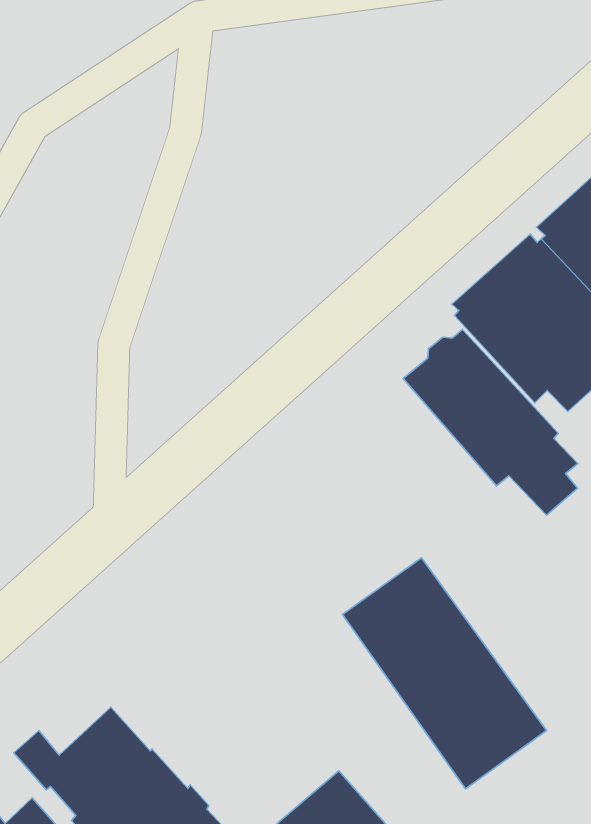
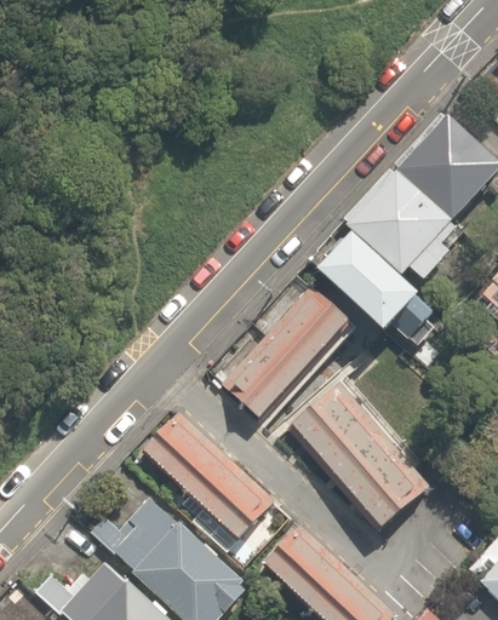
building: none -> [222,286,351,420]
building: none -> [144,413,276,540]

